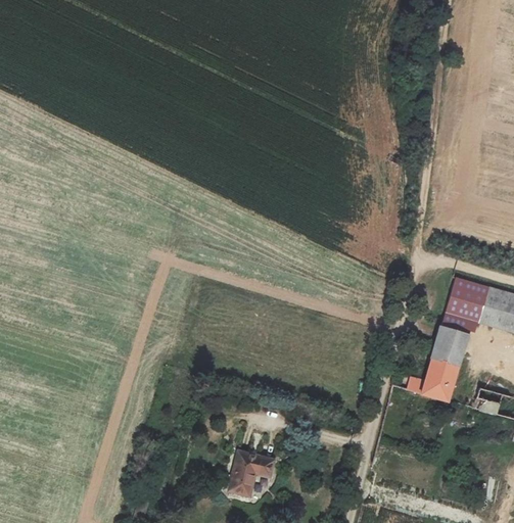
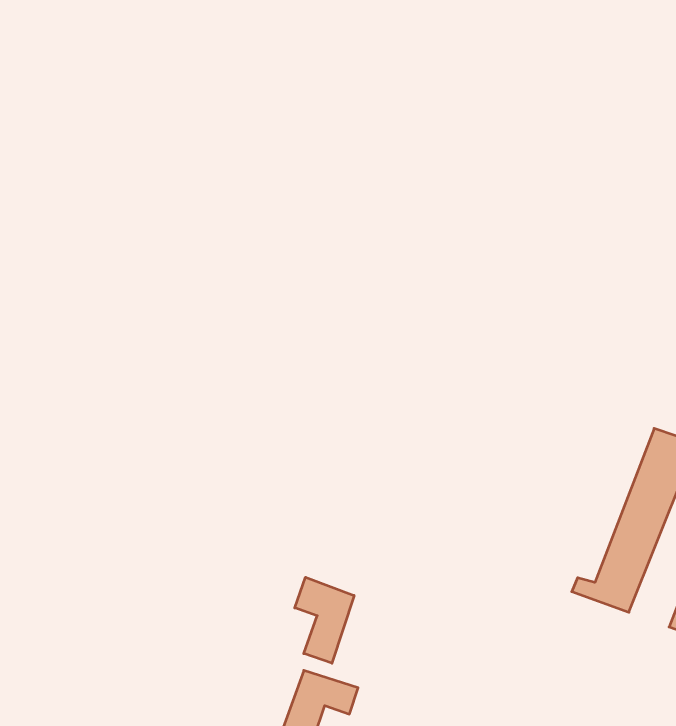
building: none -> [295,577,354,663]

